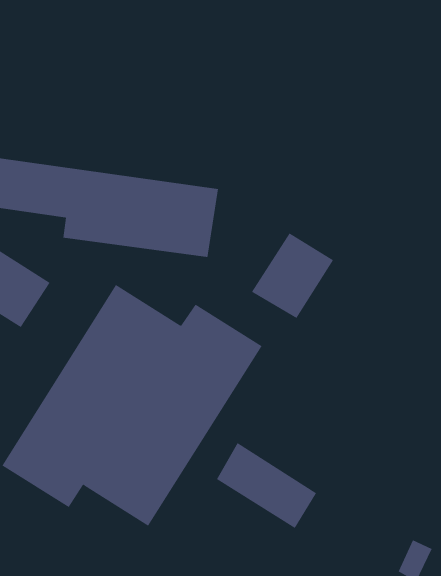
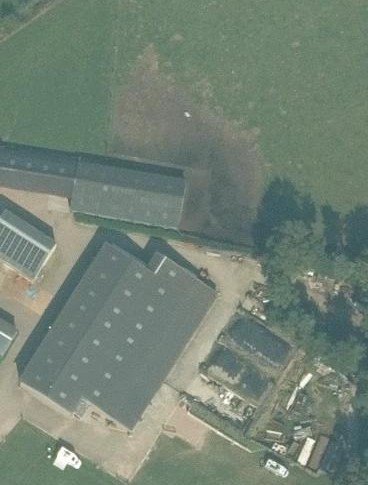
building: [251,233,334,319] -> none
building: [216,442,317,529] -> none

